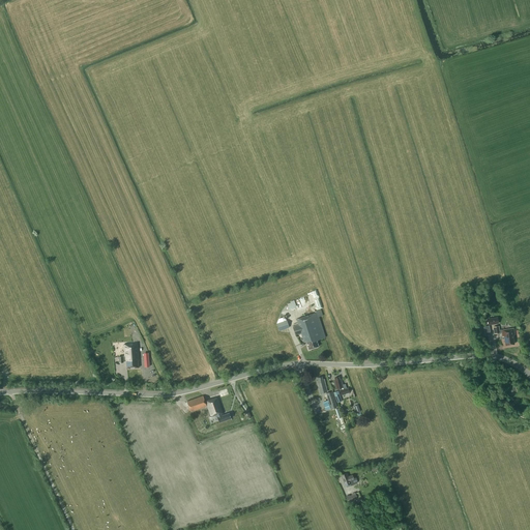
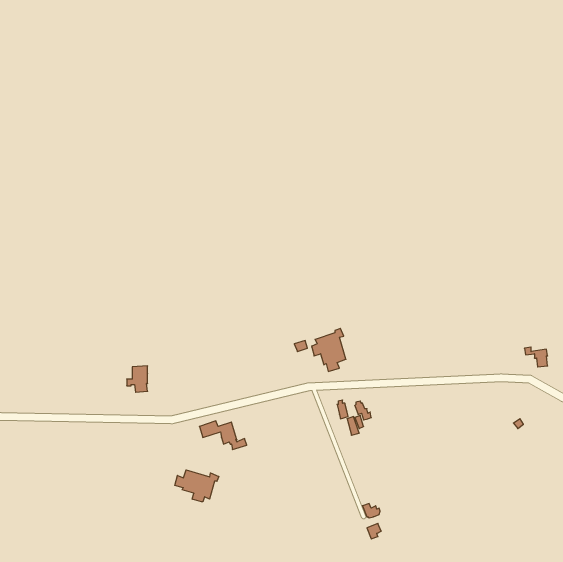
building: none -> [175,470,219,502]

